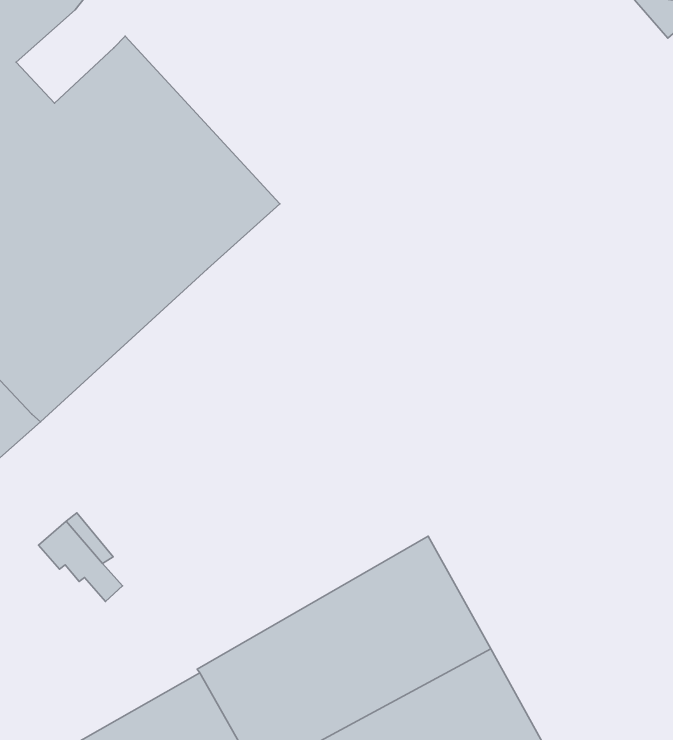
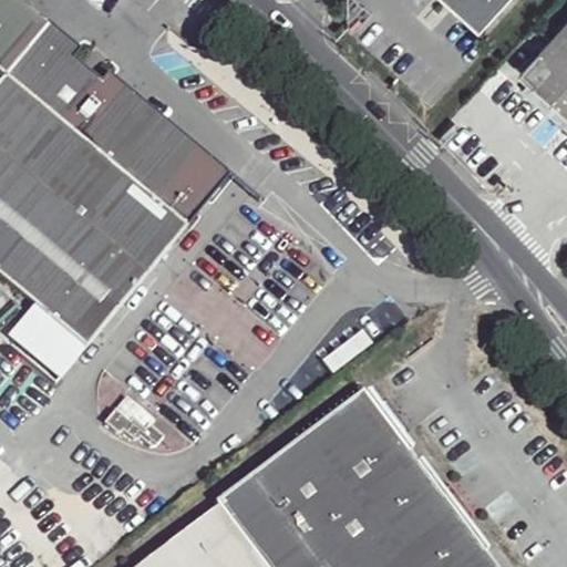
building: none -> [35,62,101,127]

